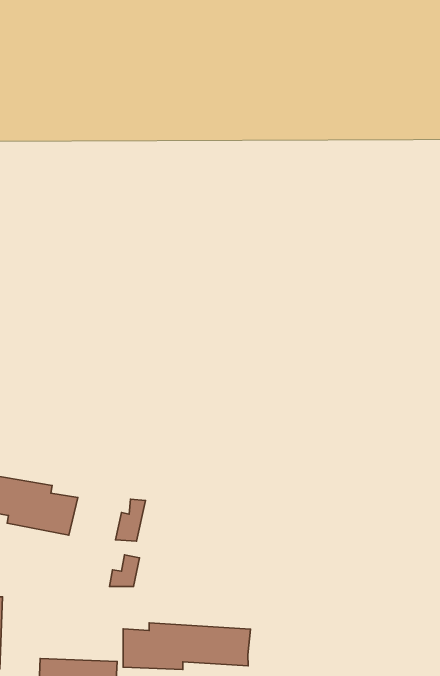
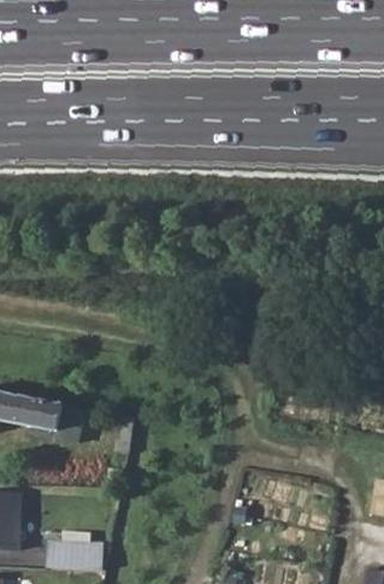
building: [123,623,251,670] -> none

